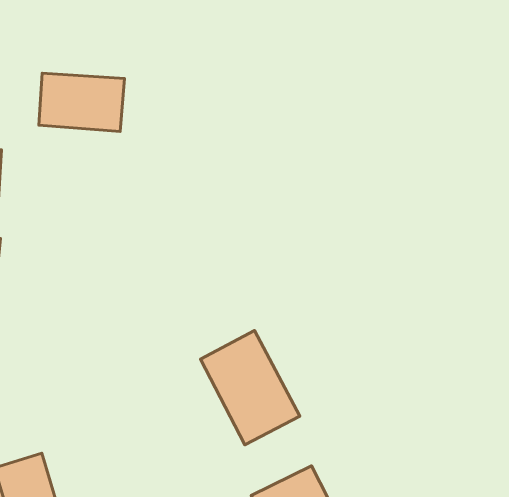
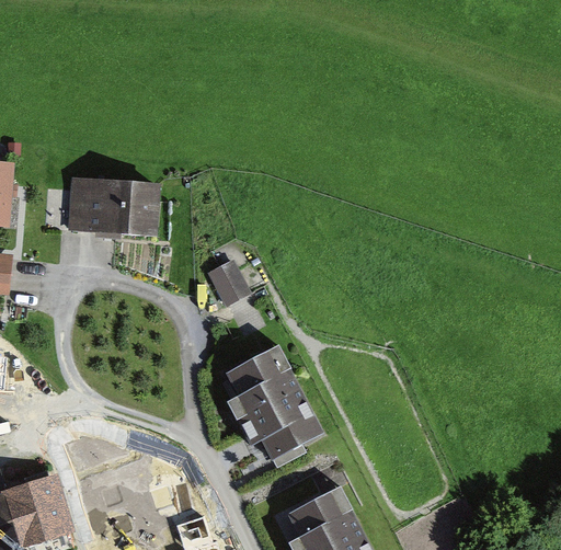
building: [39,73,125,131] -> [68,179,157,239]
building: none -> [207,256,249,302]

